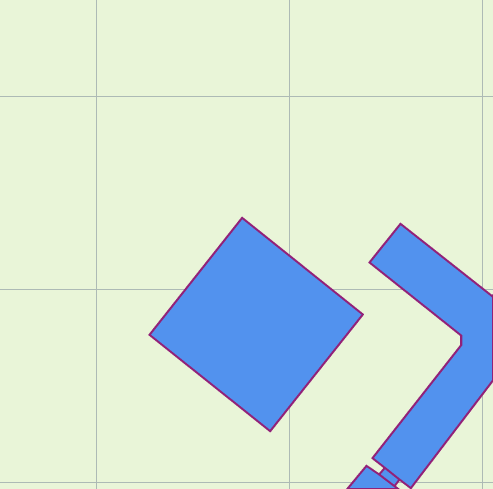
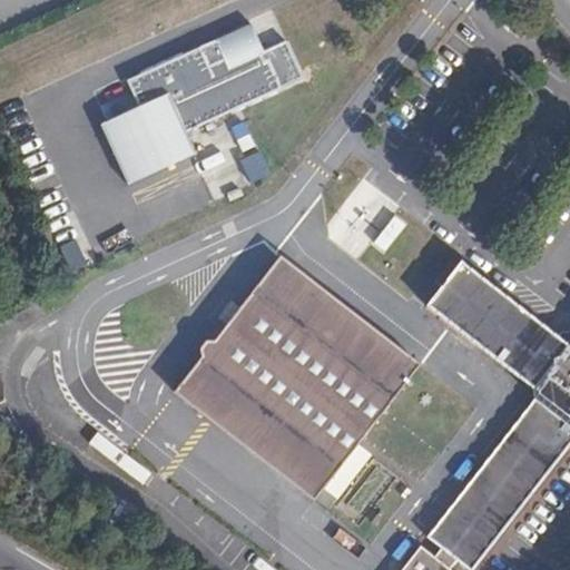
building: none -> [100,24,286,188]

